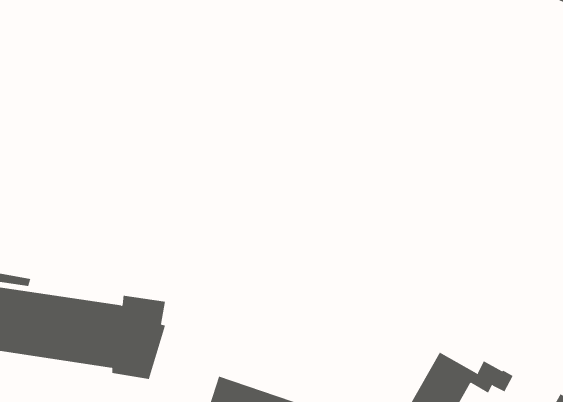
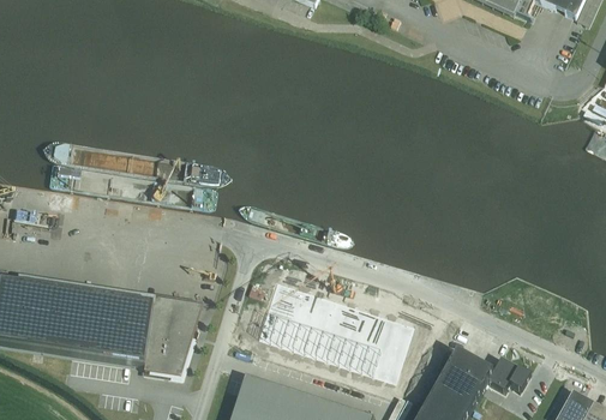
building: none -> [254,280,410,380]

